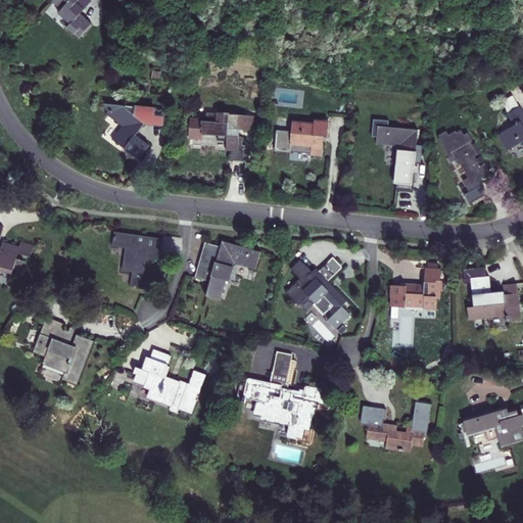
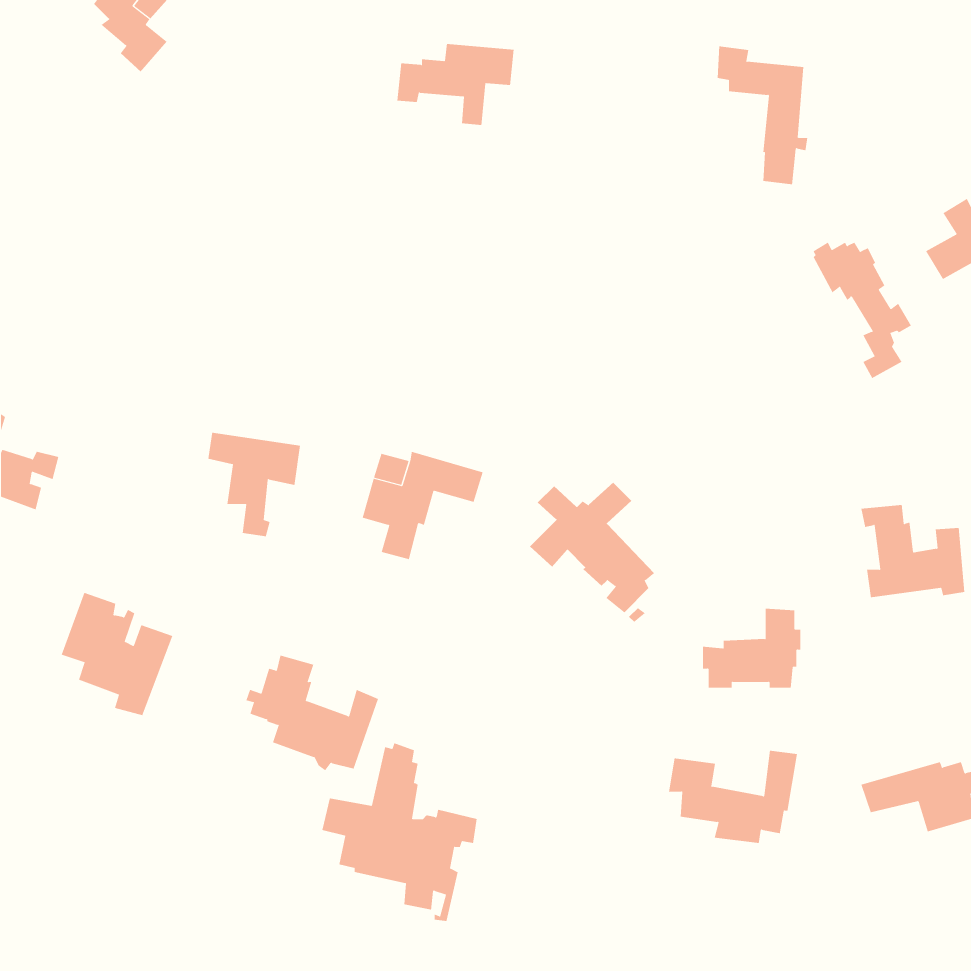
building: [105,104,163,159] -> none
building: [190,112,253,156] -> [397,44,515,126]
building: [275,118,329,157] -> none
building: [370,120,419,194] -> [717,46,808,185]
building: [389,265,442,307] -> [702,608,801,688]
building: [243,350,327,446] -> [322,743,478,922]

